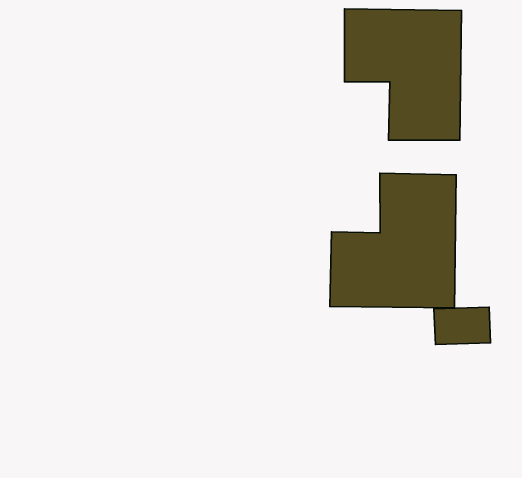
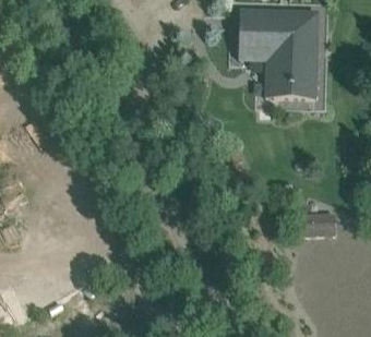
building: [330,173,456,308] -> none

